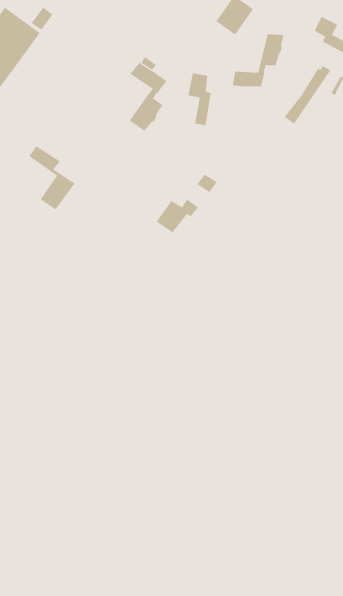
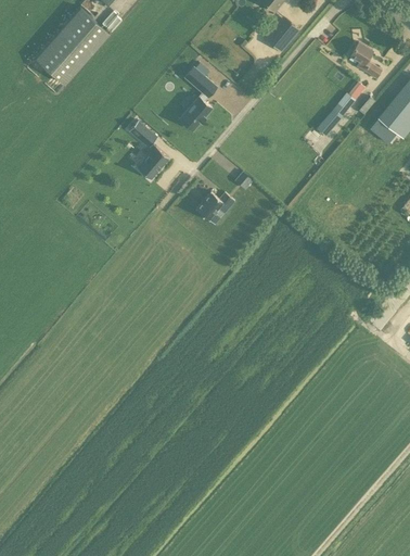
building: [232,34,284,87] -> none
building: [188,72,211,126] -> none
building: [28,145,75,210] -> [129,121,168,179]

